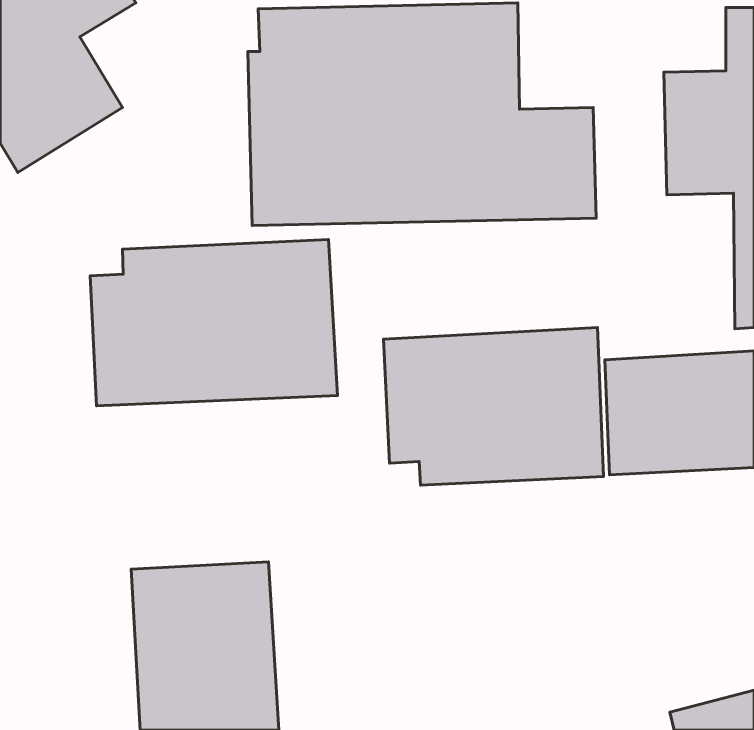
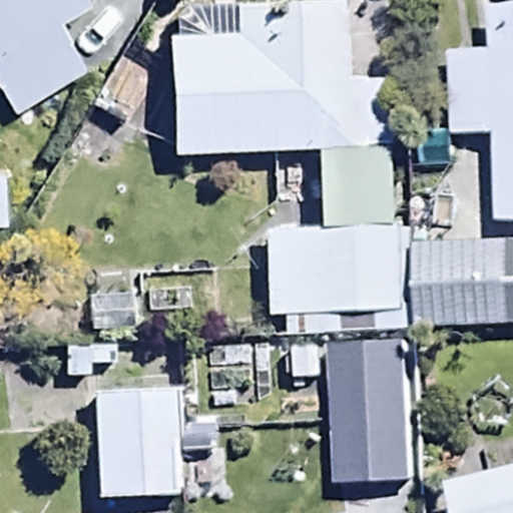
building: [90,239,338,406] -> none
building: none -> [327,335,415,485]

